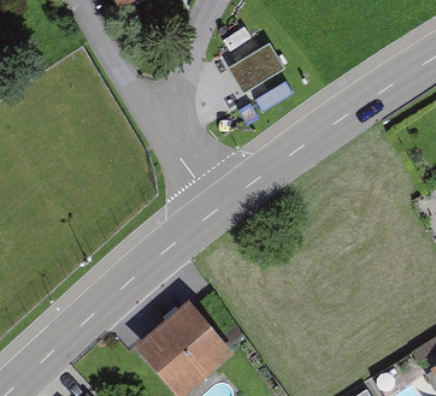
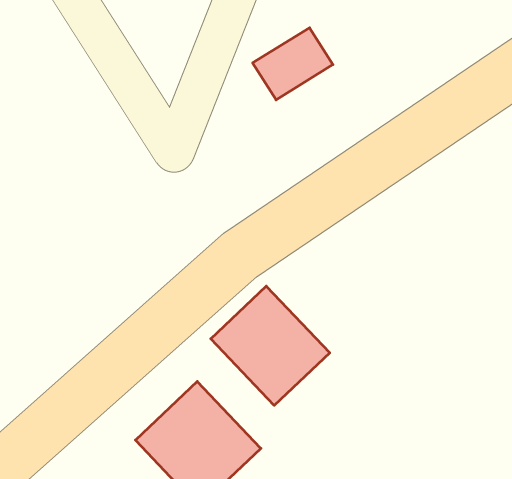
building: none -> [211,286,330,405]

